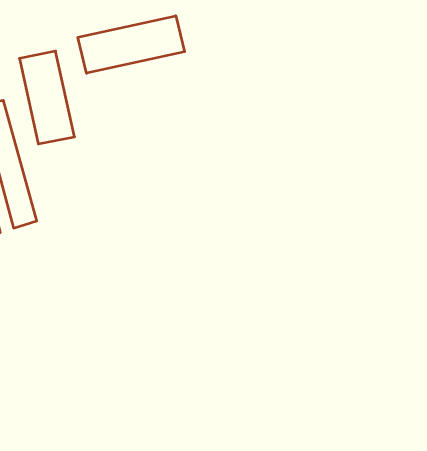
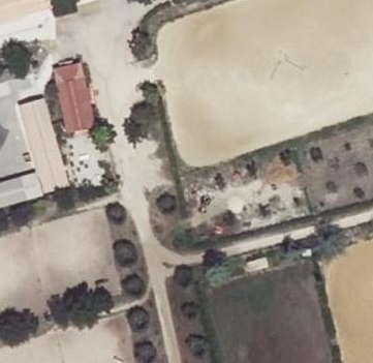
building: [78,16,185,73] -> none

